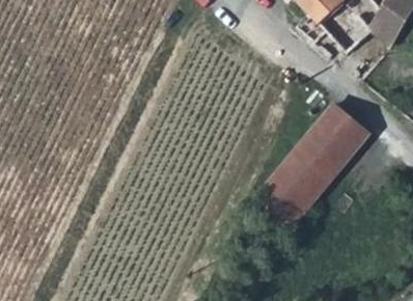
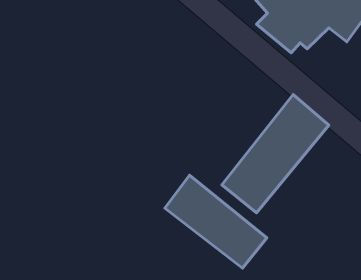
building: none -> [165,175,267,268]

